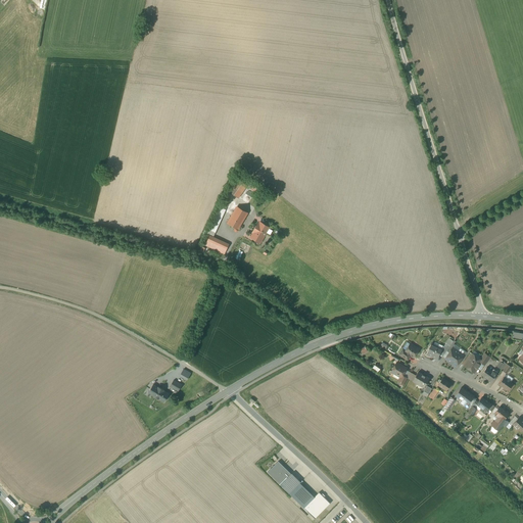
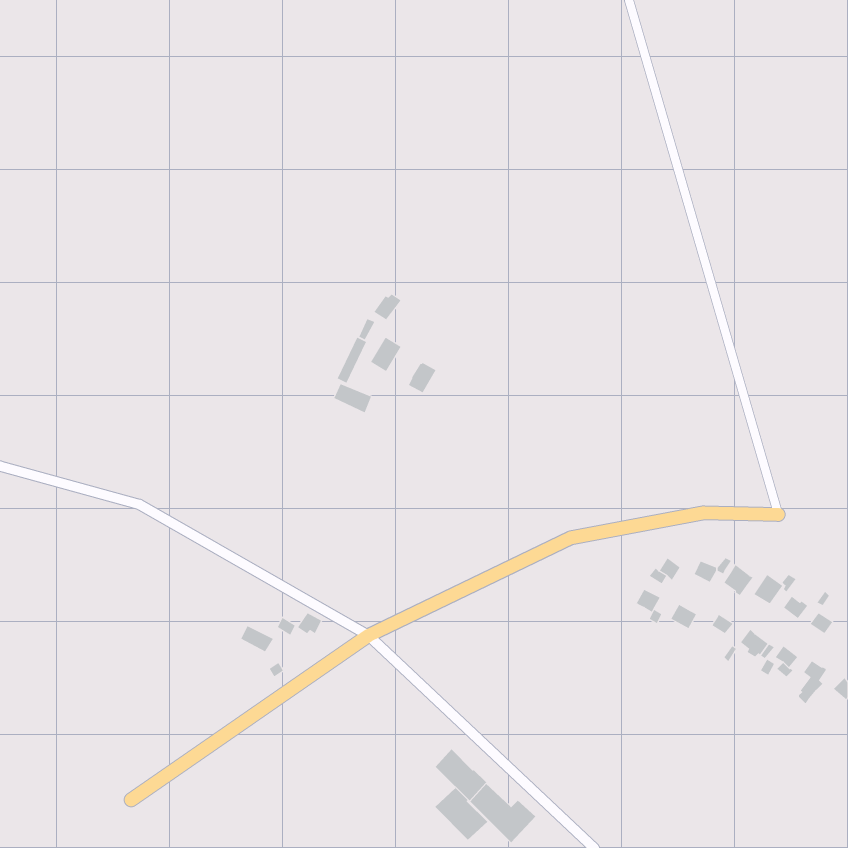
building: none -> [434,787,488,840]

